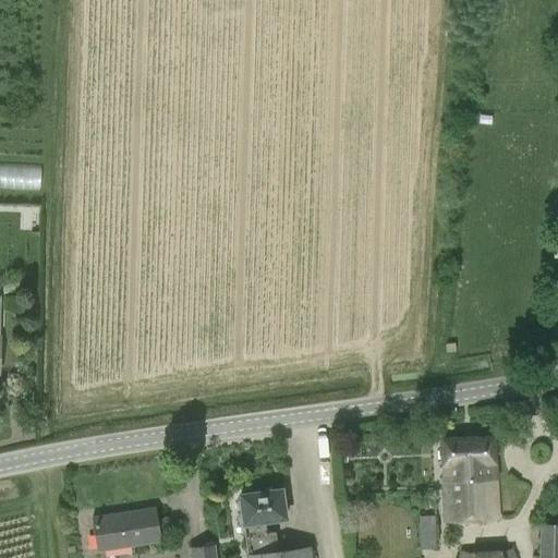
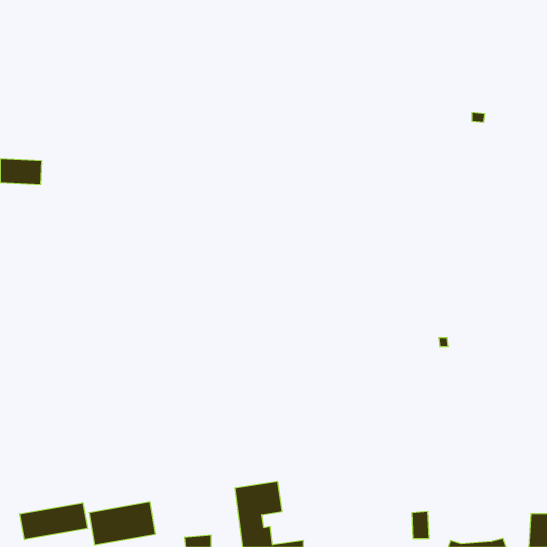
building: [441,438,498,523] -> none
building: none -> [20,503,88,540]

